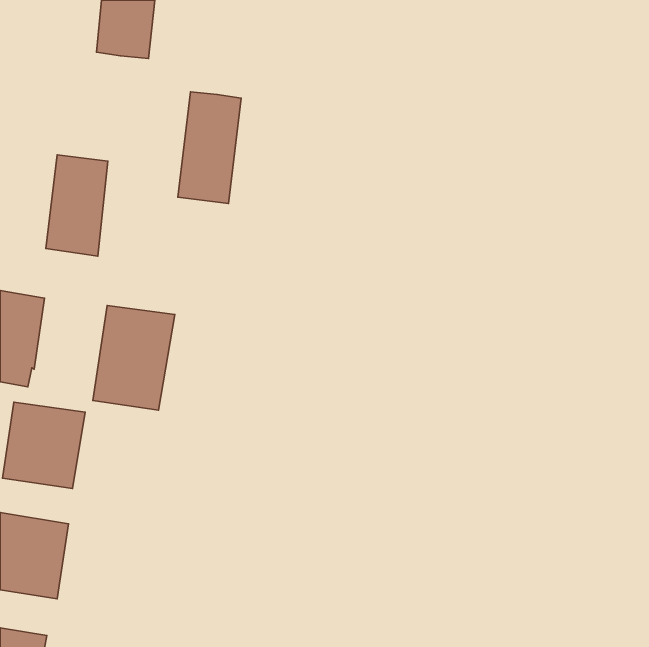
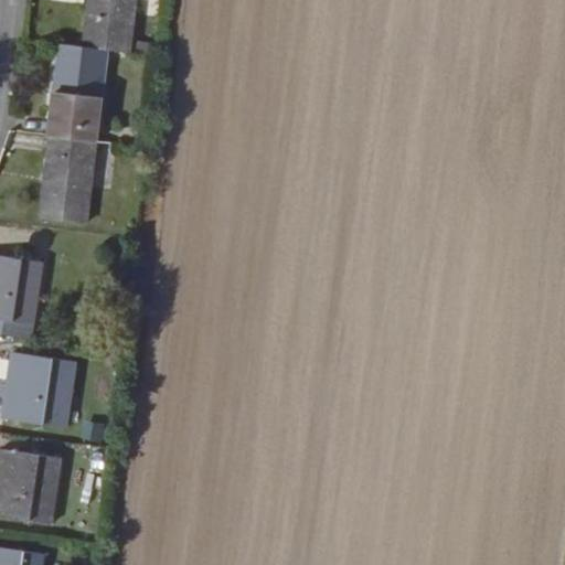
building: [178,92,241,204] -> [50,44,105,141]
building: [93,306,175,410] -> none

